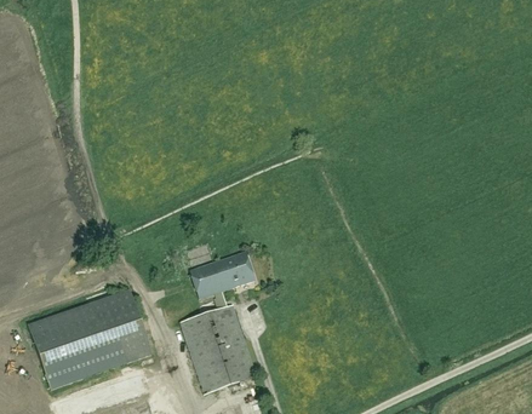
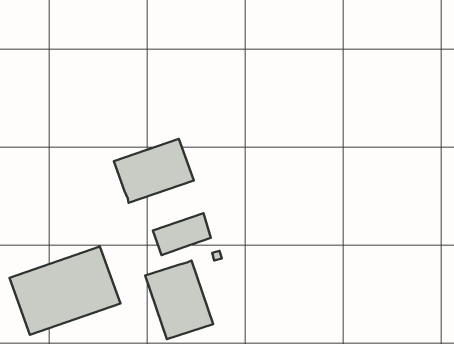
building: none -> [114,139,194,203]

